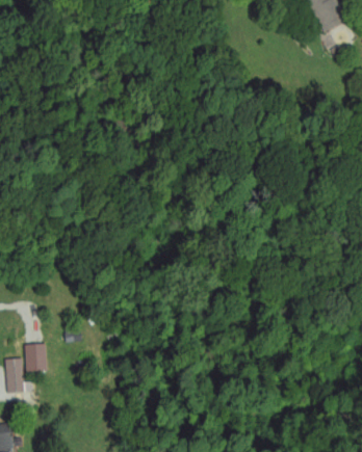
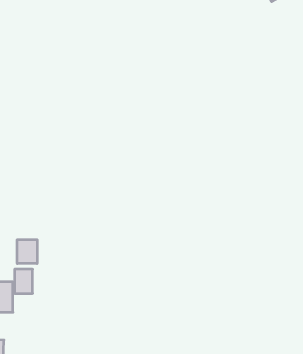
building: none -> [17,240,37,264]

